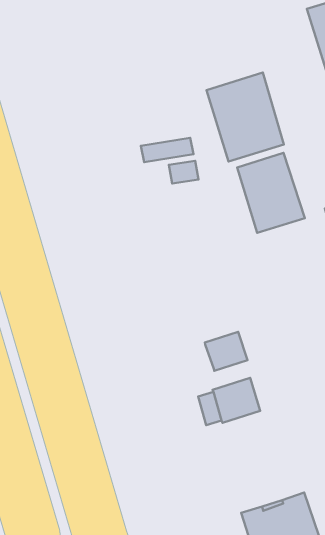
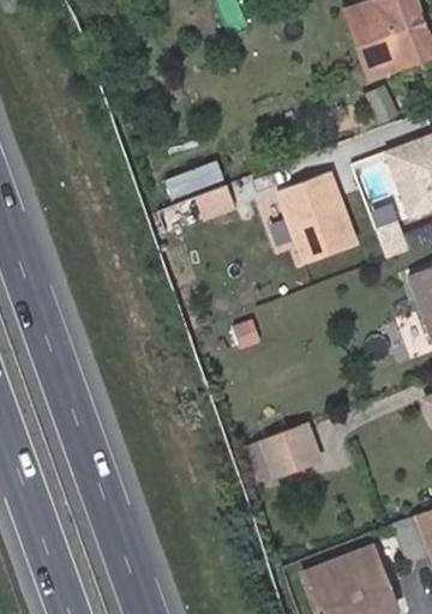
building: [206,73,284,161] -> none
building: [205,332,248,371] -> none

